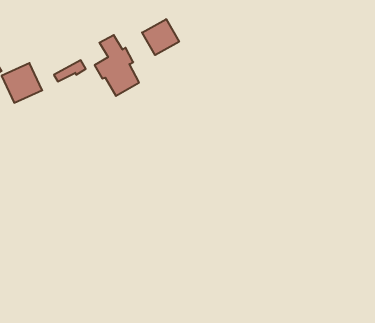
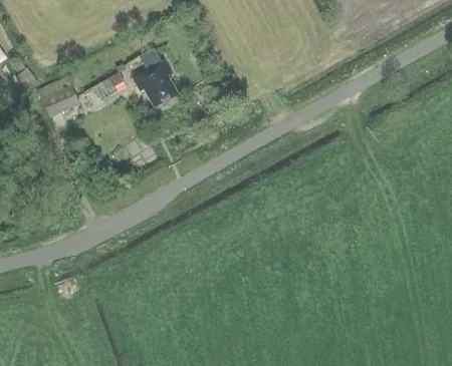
building: [142,19,179,55] -> none

